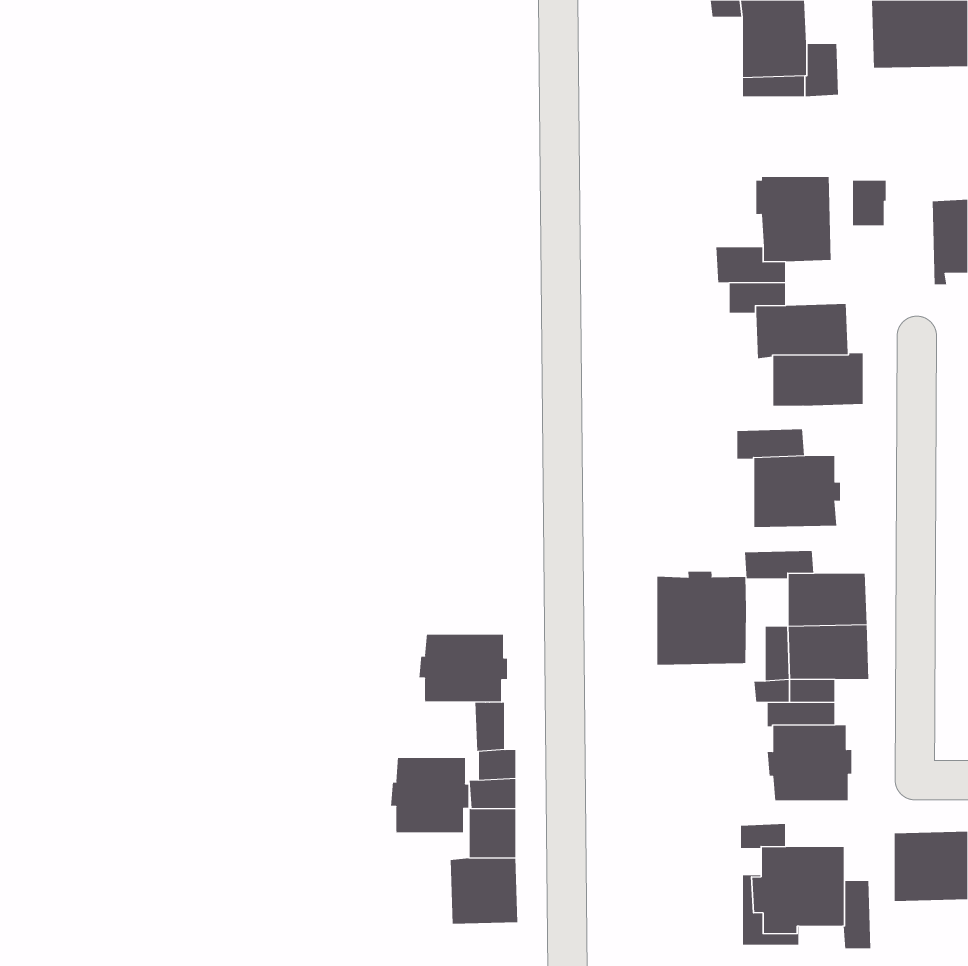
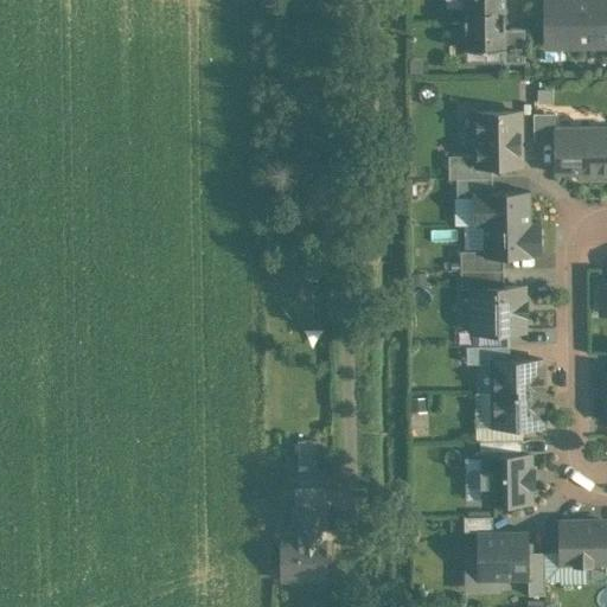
building: none -> [552,128,583,180]
building: none -> [459,251,501,271]
building: [657,571,747,666] -> none
building: [419,634,507,702] -> none
building: [391,757,469,833] -> none

